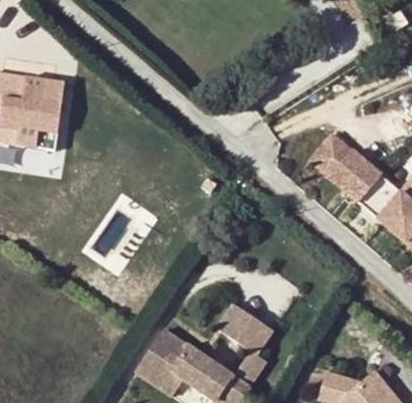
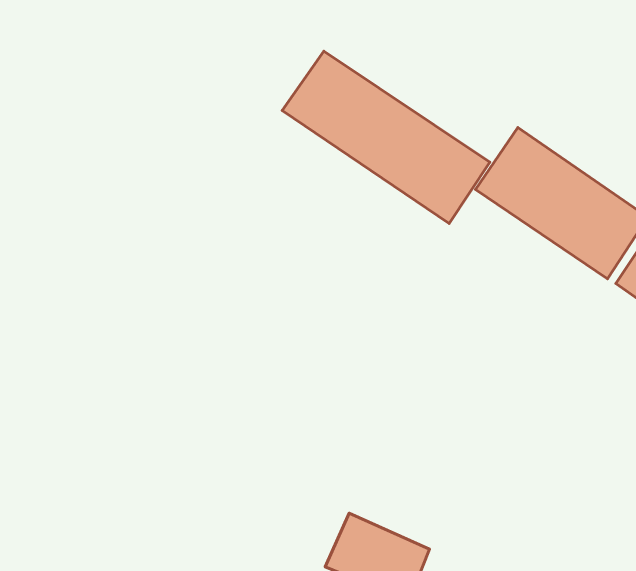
building: none -> [282,51,490,223]

